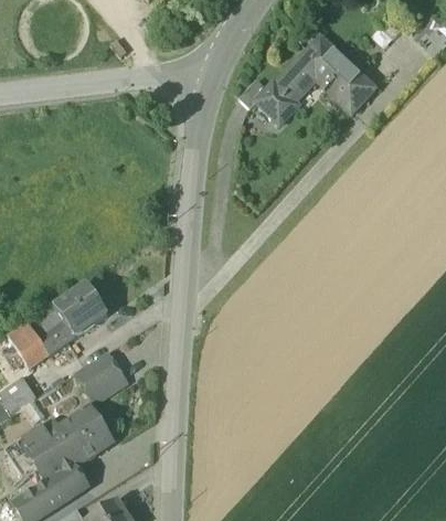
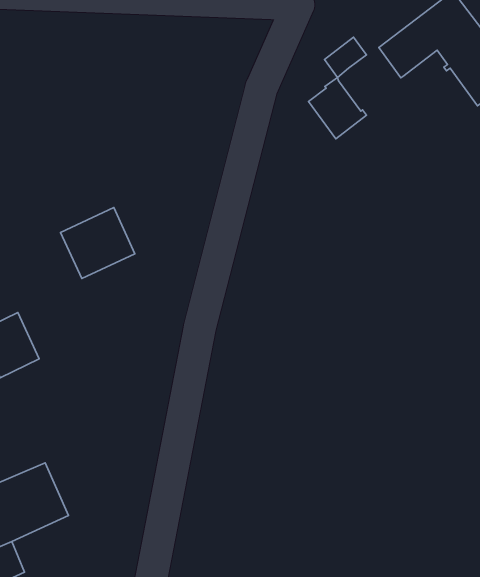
building: [257,81,299,124] -> [308,77,366,139]
building: [54,284,108,337] -> [61,208,135,279]
building: [76,351,126,400] -> none

